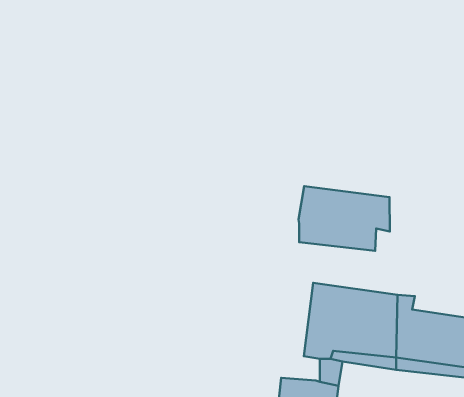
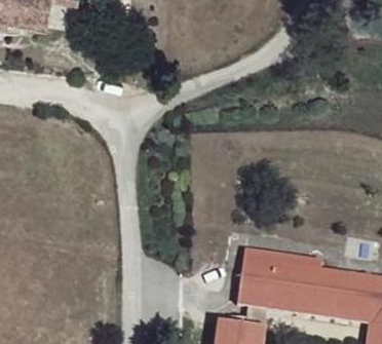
building: [299,186,390,251] -> none

